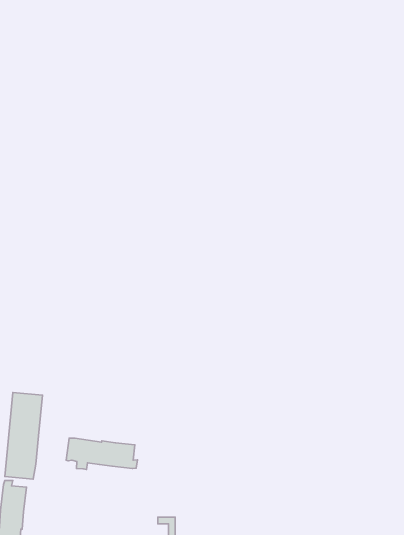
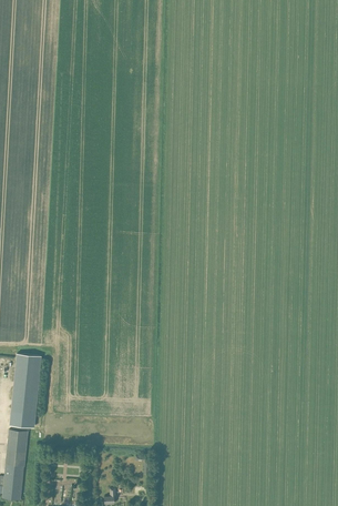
building: [66,438,138,470] -> none

